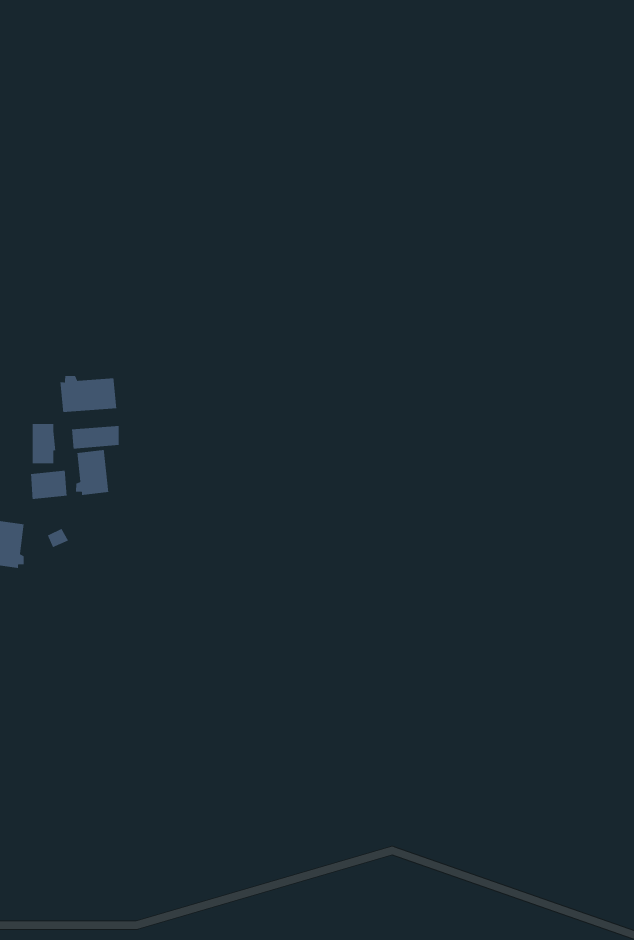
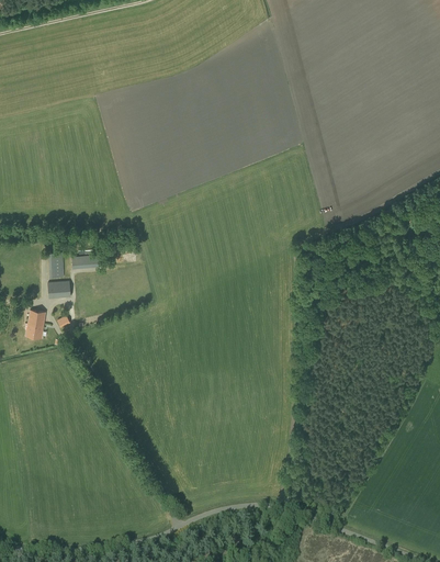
building: [60,375,117,413] -> none
building: [75,449,109,496] -> none

